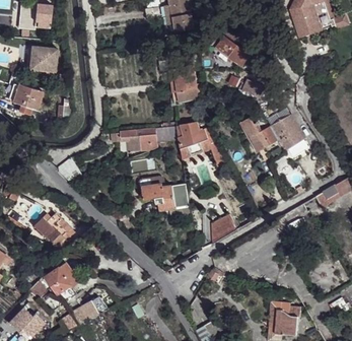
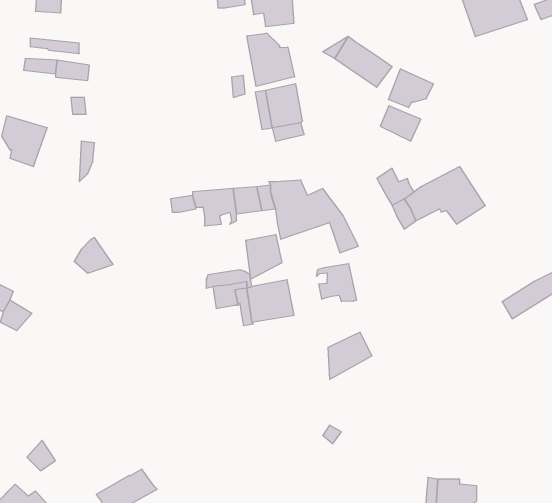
building: none -> [247,33,295,86]
building: none -> [388,69,434,108]
building: none -> [246,234,282,279]
building: none -> [317,264,356,302]
building: [33,214,74,250] -> none
building: [45,261,79,301] -> none

